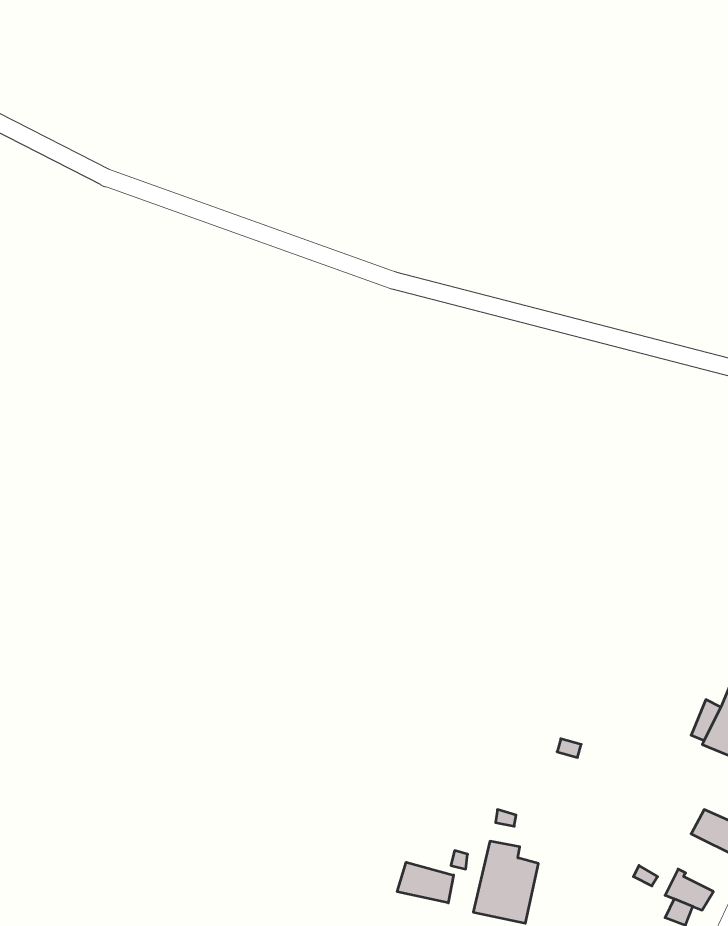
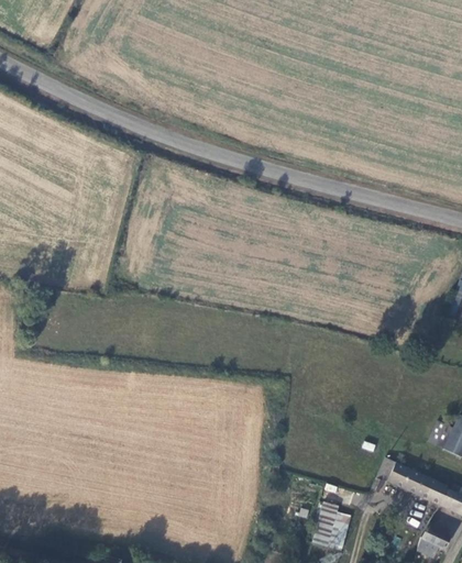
building: none -> [373,459,447,503]
building: [397,862,454,903] -> none

